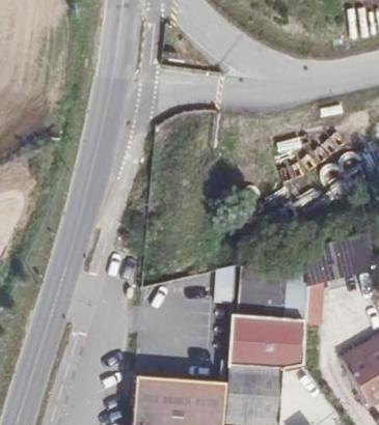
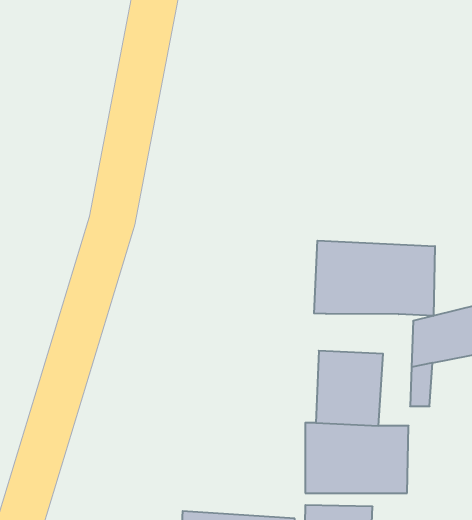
building: none -> [314,241,435,316]

